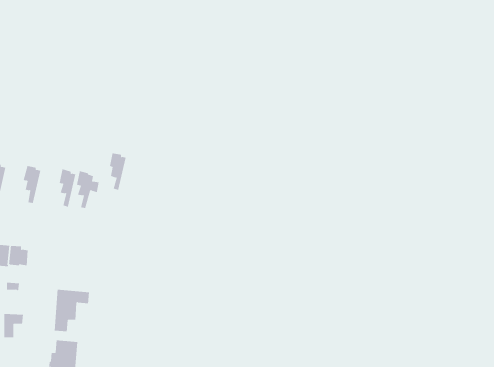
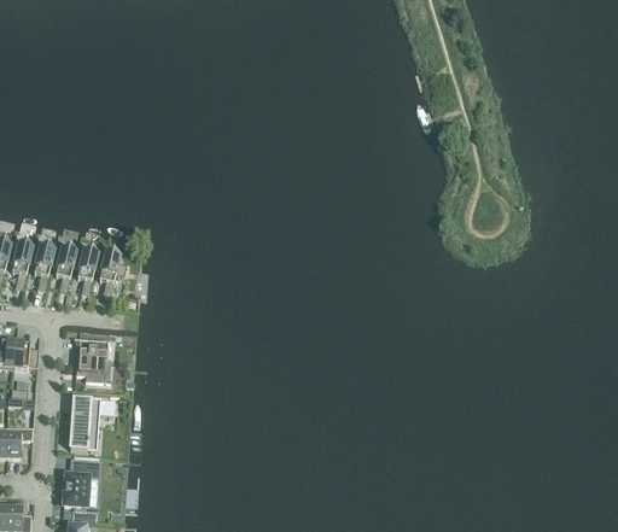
building: [109,153,127,191] -> [53,246,75,293]
building: none -> [8,241,31,288]
building: none -> [74,338,121,375]

